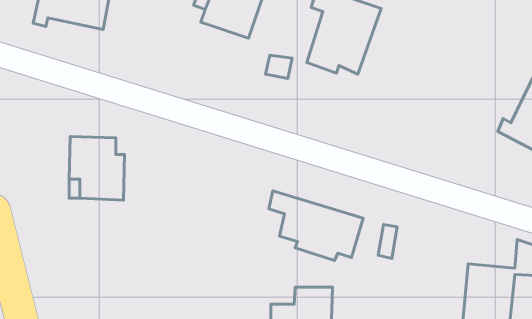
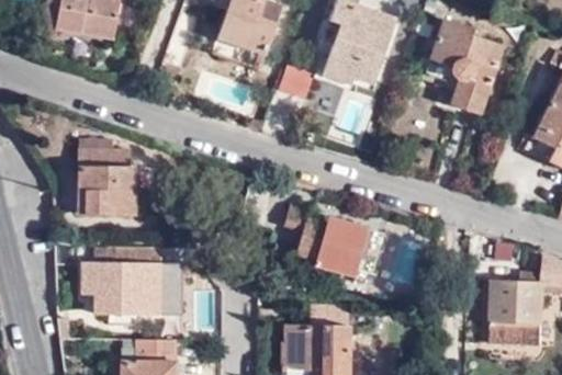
building: none -> [431,14,507,114]
building: none -> [83,261,183,316]

